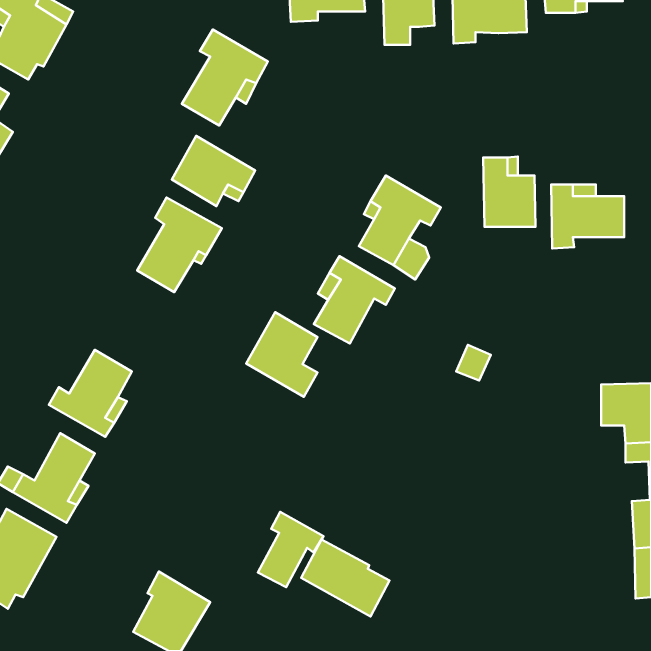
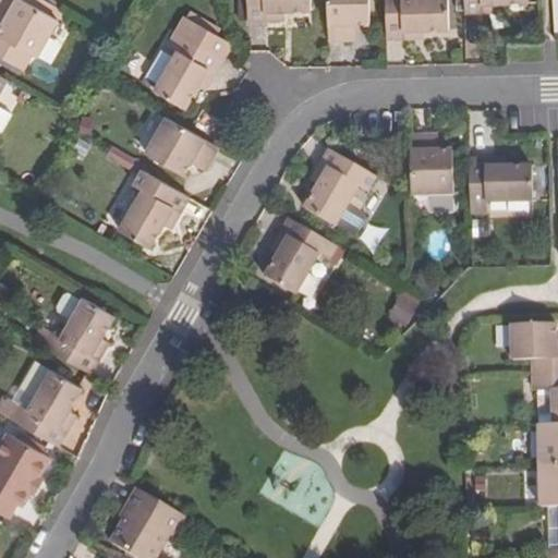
building: [246,312,318,397] -> none
building: [258,512,323,587] -> none

